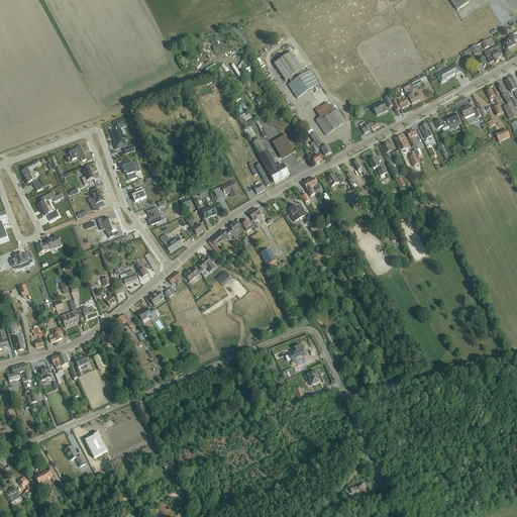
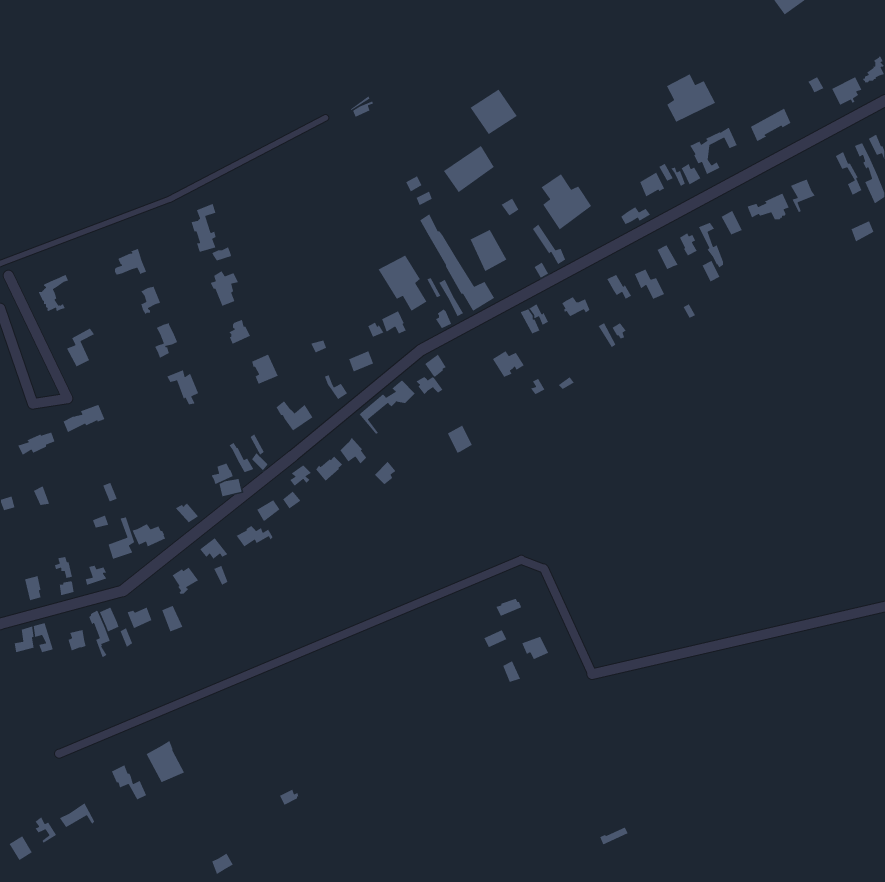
building: none -> [666,73,716,123]
building: [288,69,318,97] -> [443,145,495,193]
building: none -> [378,254,428,312]

